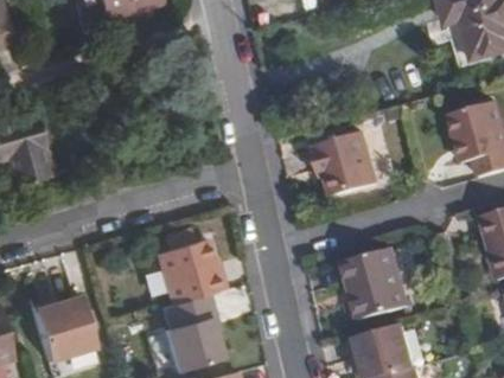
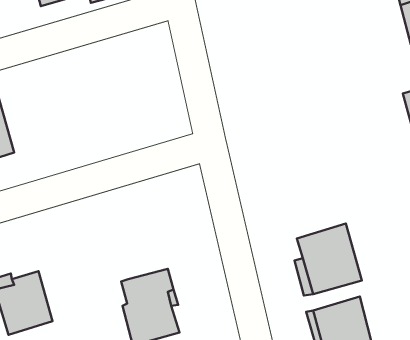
building: [314,133,377,198] -> none
building: [155,230,225,305] -> none

